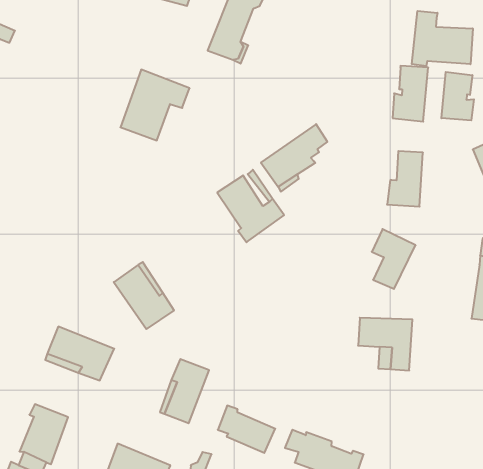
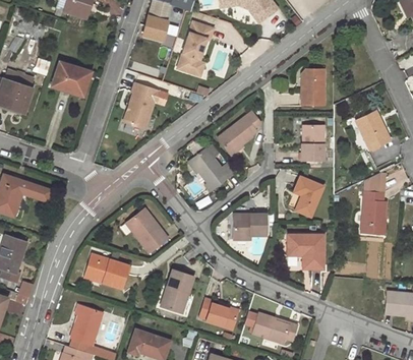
building: [412,11,473,66] -> none
building: none -> [53,62,91,95]
building: [441,72,474,120] -> none
building: none -> [234,215,267,239]

